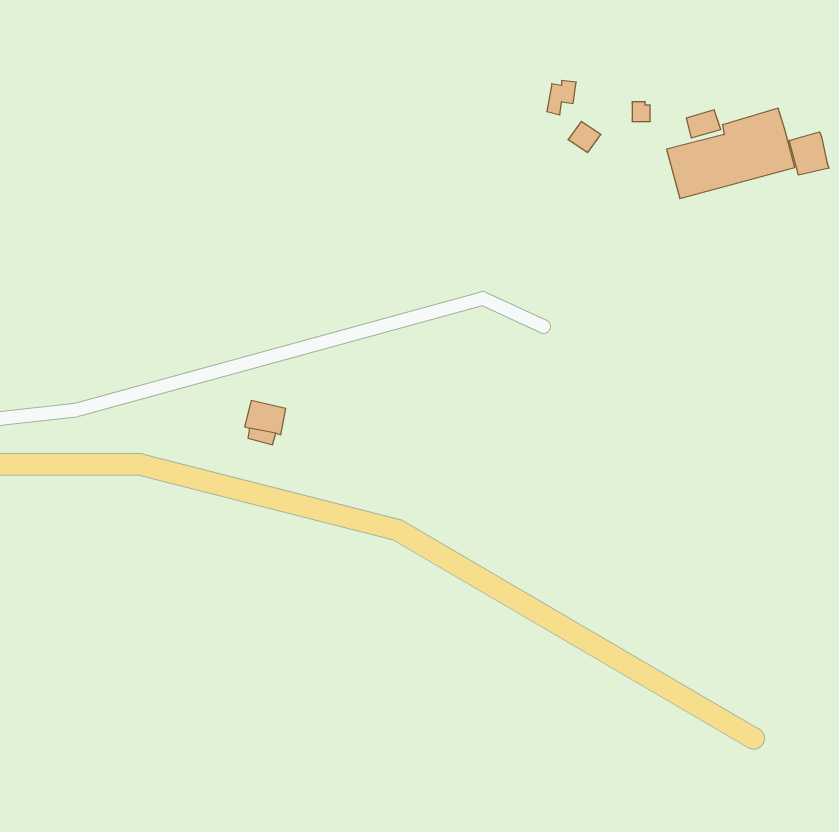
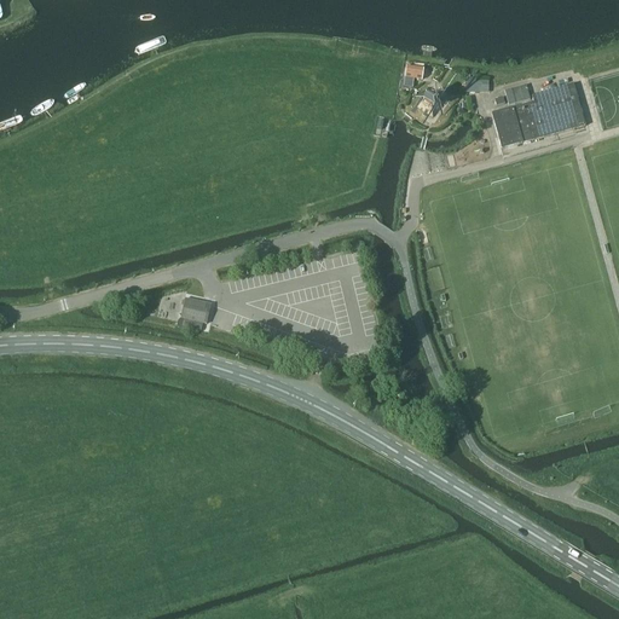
building: [789,132,829,175] -> none

